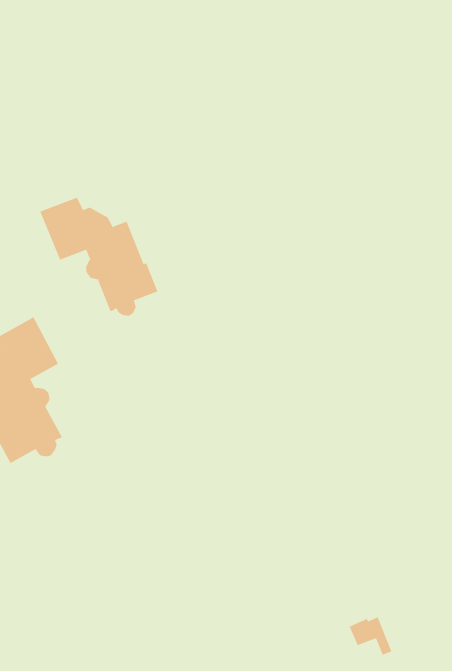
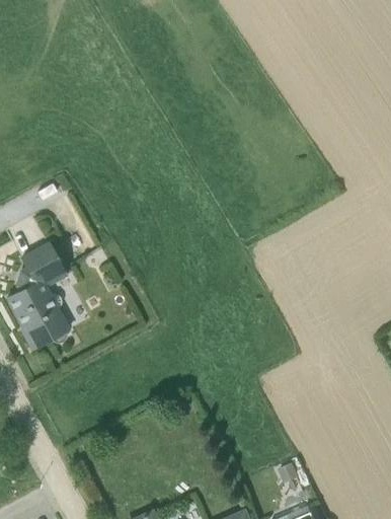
building: [39,197,158,316] -> none

